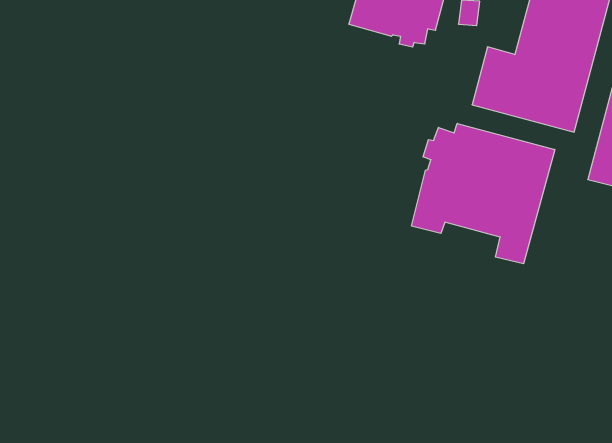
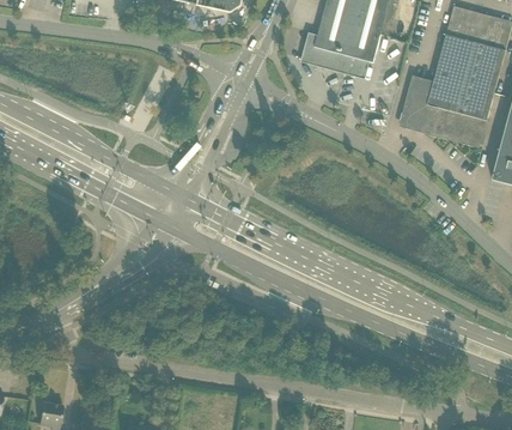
building: [412,123,555,264] -> none

